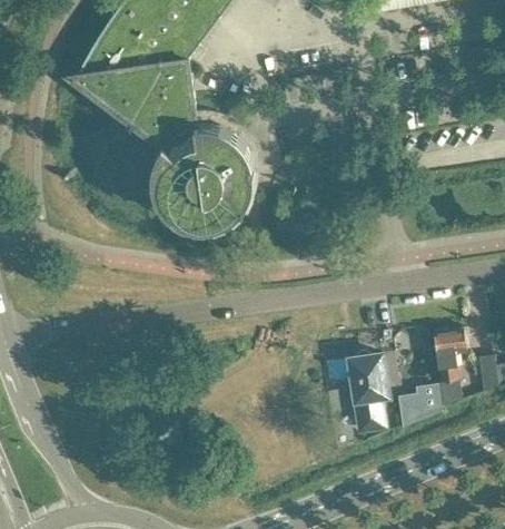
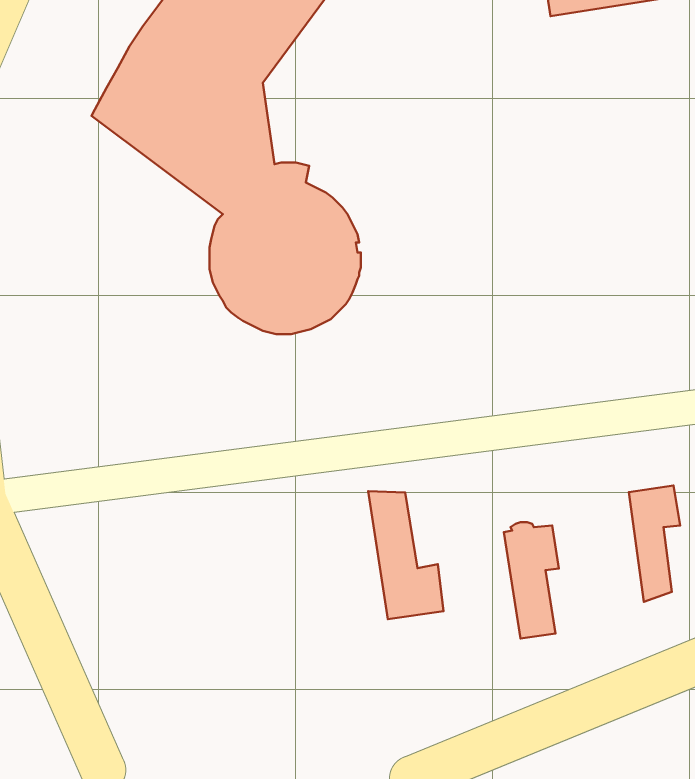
building: none -> [368,491,444,619]
building: [398,386,439,425] -> none

